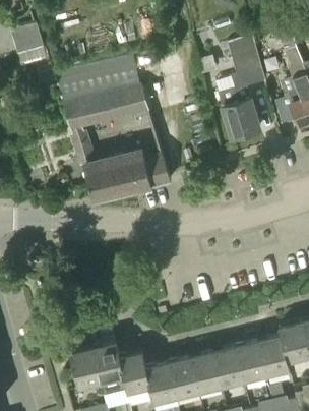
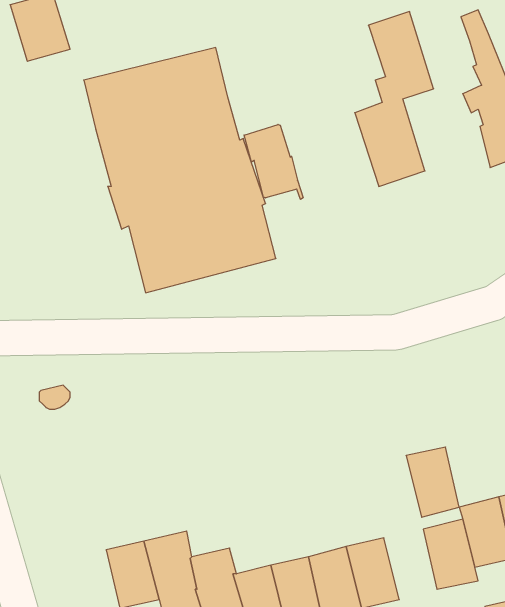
building: none -> [244,124,303,199]
building: [234,343,265,385] -> [406,447,459,517]

